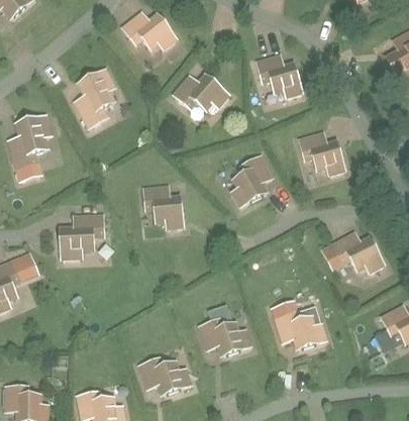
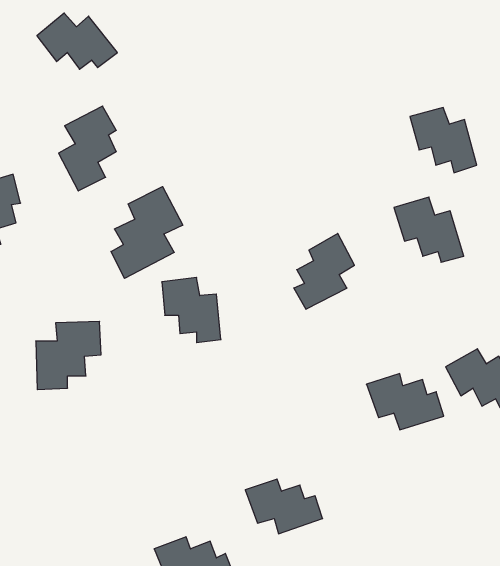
building: [122,12,176,49] -> [37,13,117,69]
building: [257,55,301,98] -> [410,108,477,173]
building: [174,76,228,110] -> none
building: none -> [111,187,183,278]
building: [275,312,326,349] -> [366,374,444,430]

